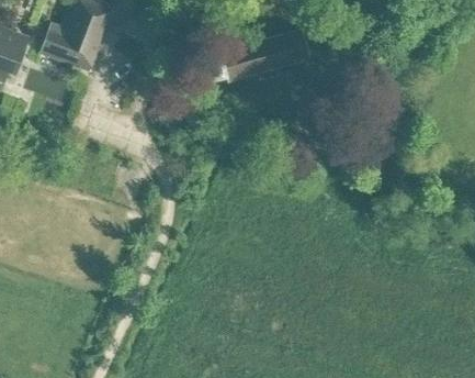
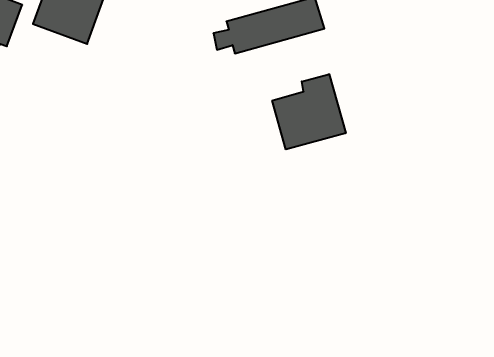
building: none -> [272,74,346,149]

